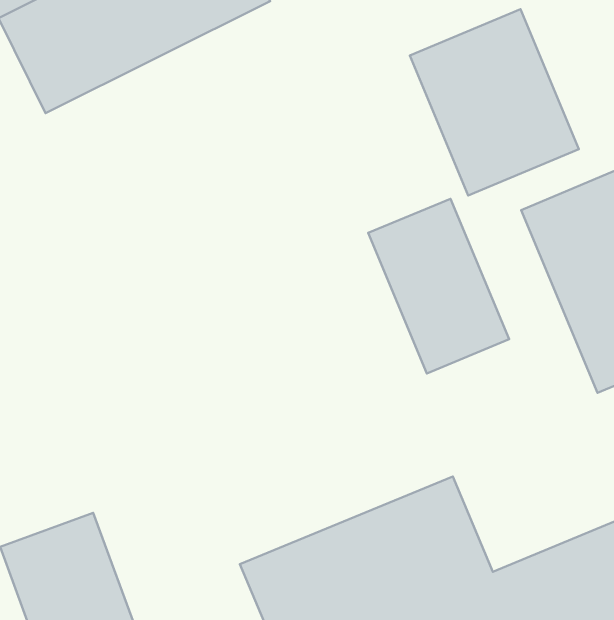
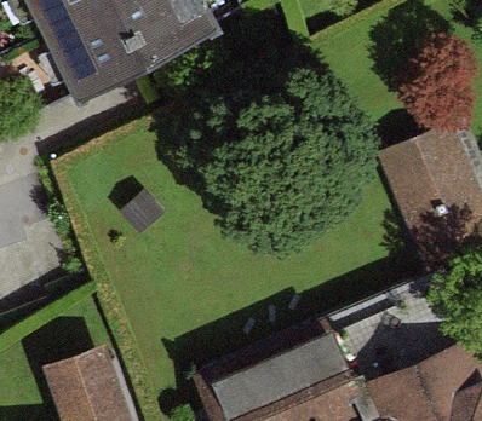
building: [410,9,579,195] -> none
building: [368,199,509,374] -> none

